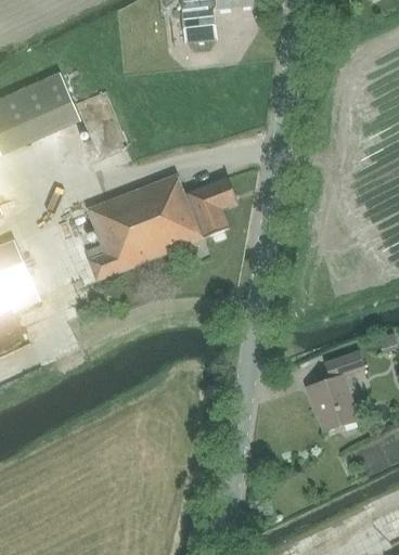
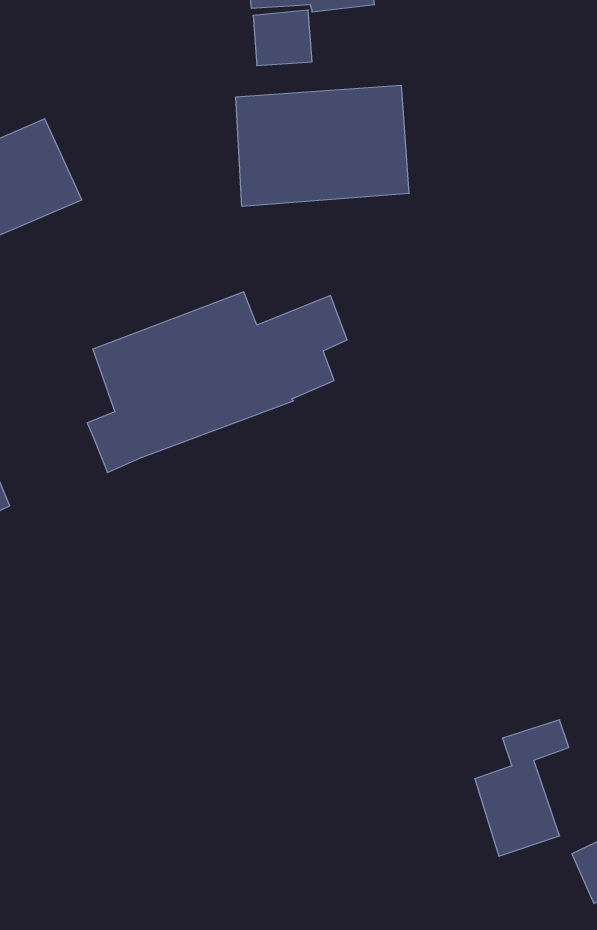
building: none -> [236,85,409,206]
building: [308,351,363,431] -> [475,720,569,856]

